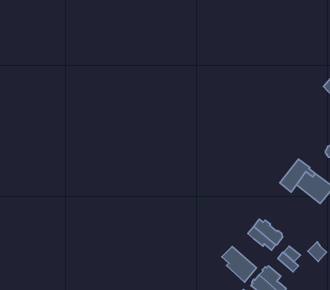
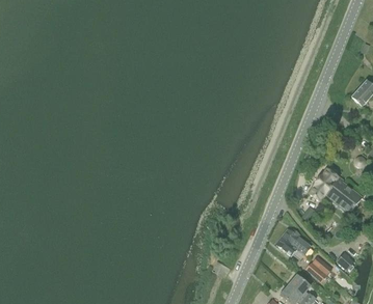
building: [222,247,256,282] -> none

